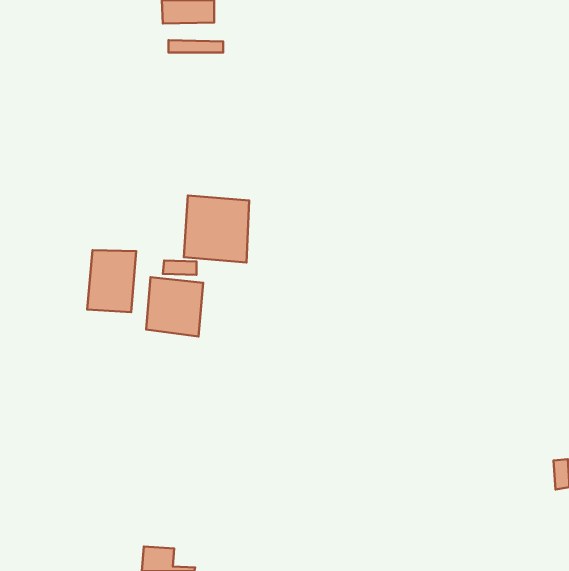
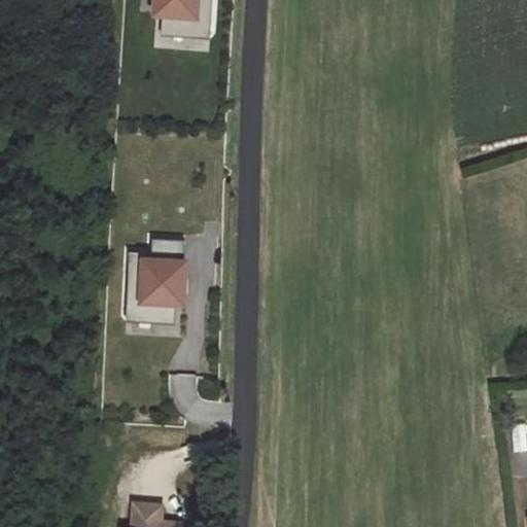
building: [184,195,249,262] -> none
building: [87,250,136,312] -> none

